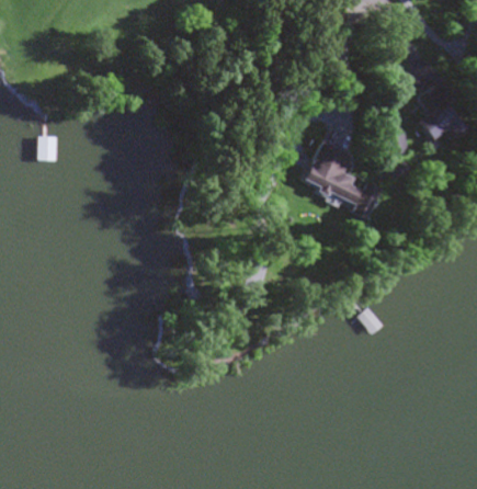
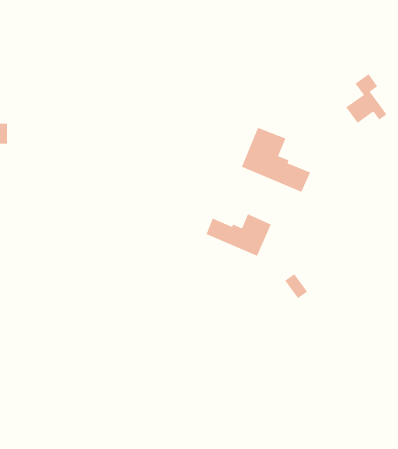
building: none -> [205,213,272,257]

